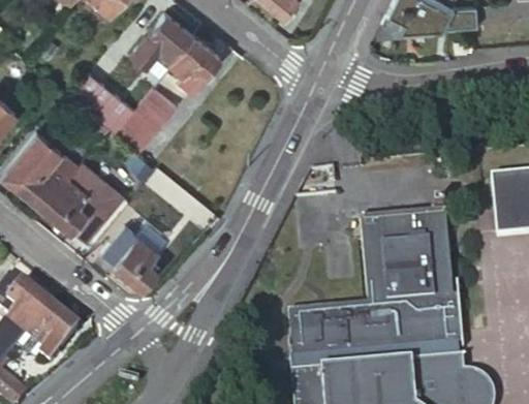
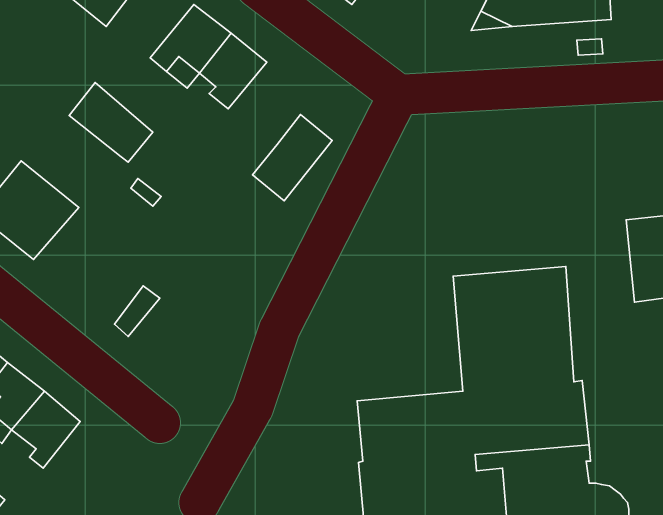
building: [117,87,177,152] -> [253,114,332,201]
building: [45,157,127,240] -> none
building: [117,235,159,287] -> none

